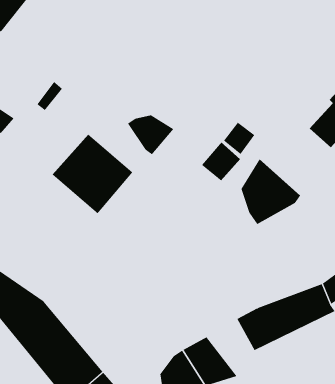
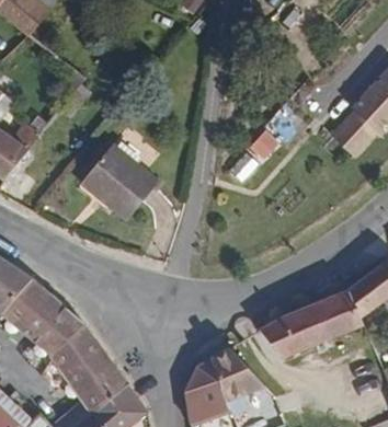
building: [127,114,174,155] -> none
building: [241,158,301,225] -> none

